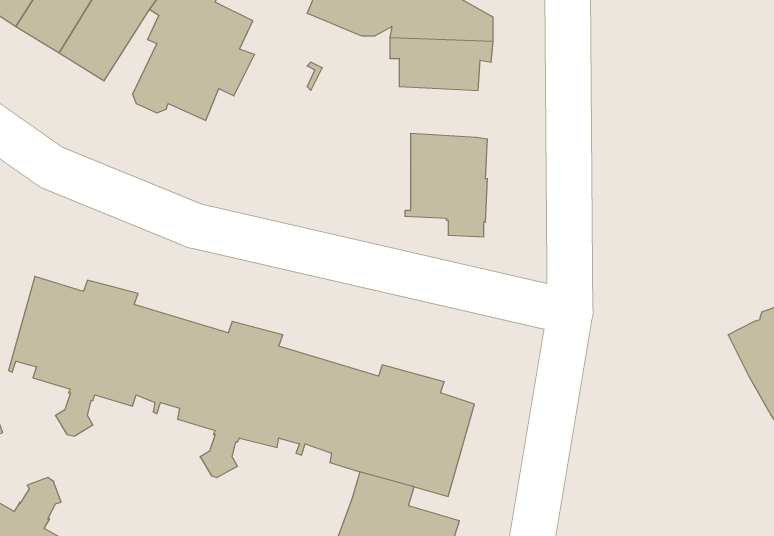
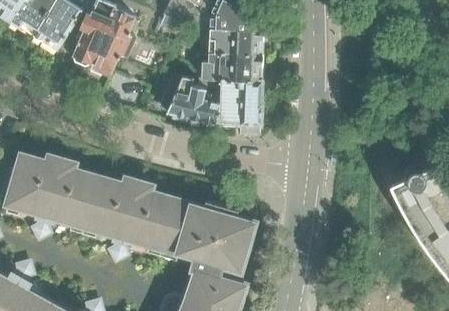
building: none -> [208,53,262,80]
building: none -> [157,75,220,124]

